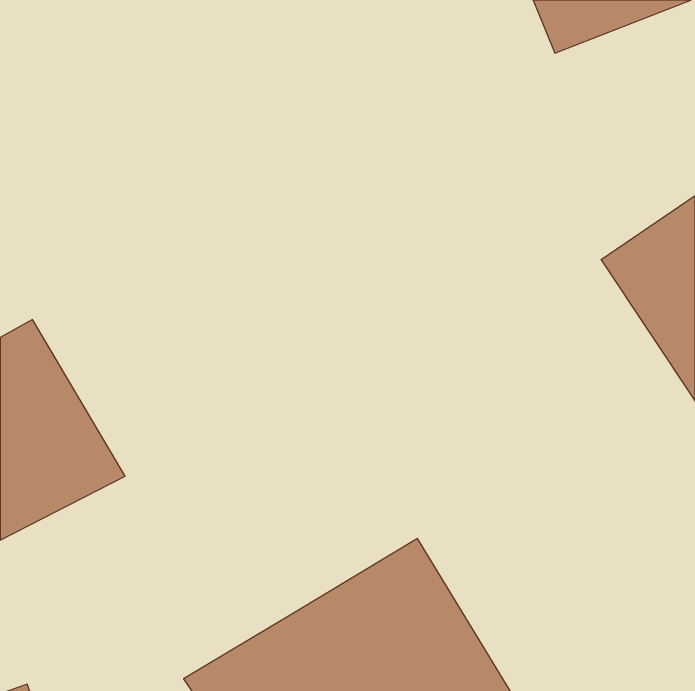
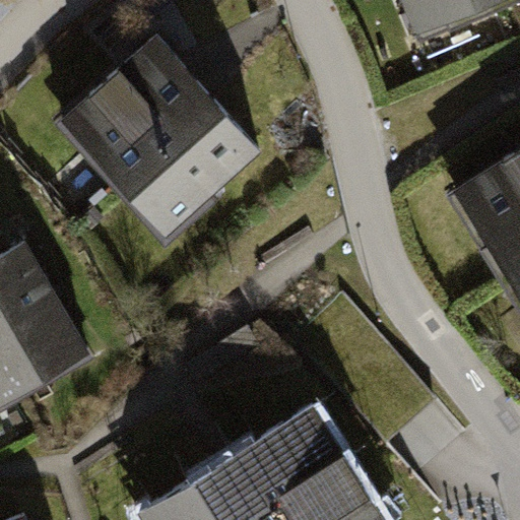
building: none -> [59,35,258,236]

